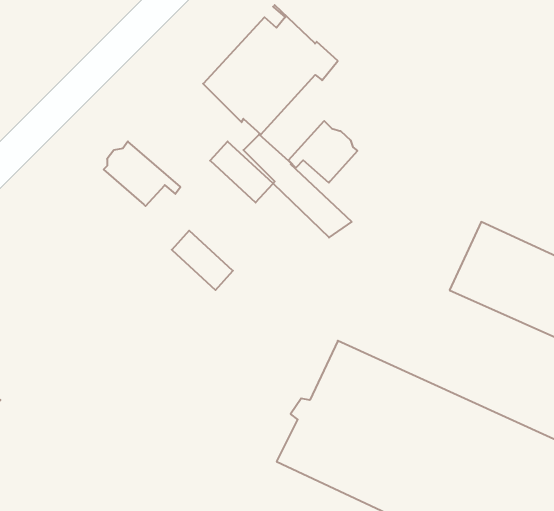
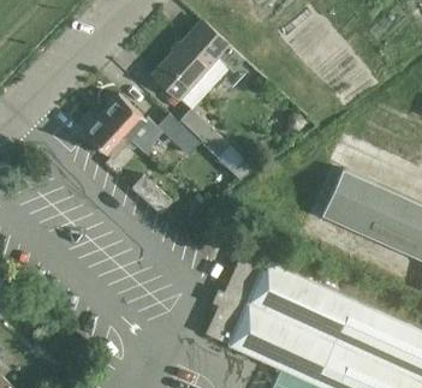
building: none -> [100,95,147,145]
building: [288,121,357,183] -> none

